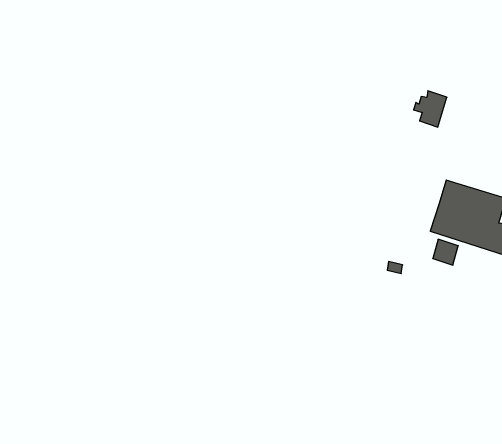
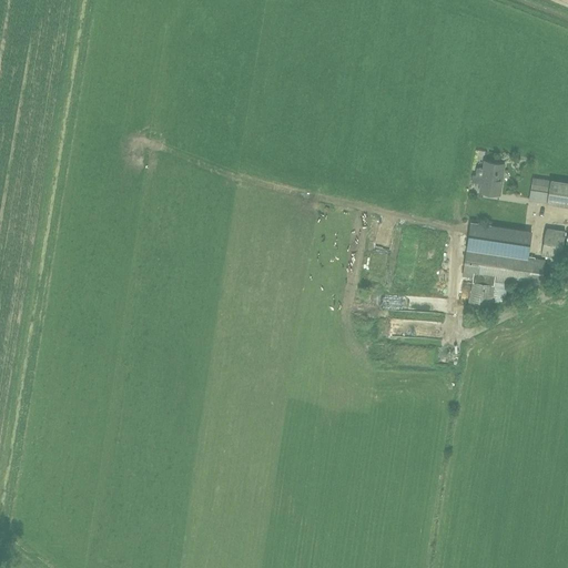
building: [414,91,447,127] -> [471,161,503,195]

